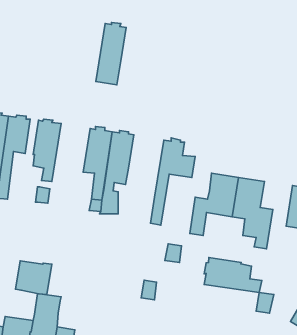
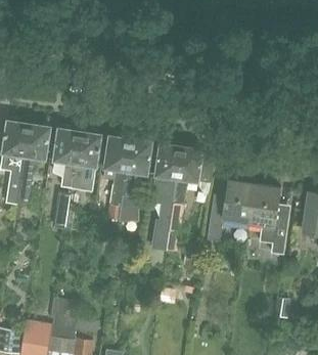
building: [96,22,126,85] -> [72,130,101,191]
building: none -> [151,141,182,240]
building: [204,257,262,293] -> none
building: [16,261,52,295] -> none

